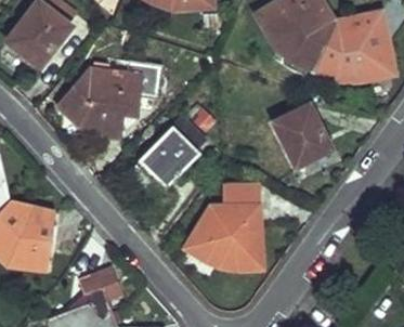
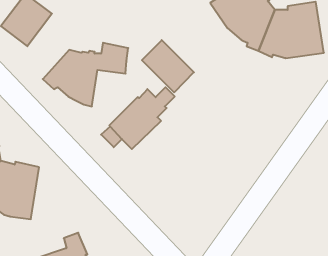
building: none -> [142,40,194,92]
building: [274,107,331,167] -> none
building: [185,185,259,270] -> none

